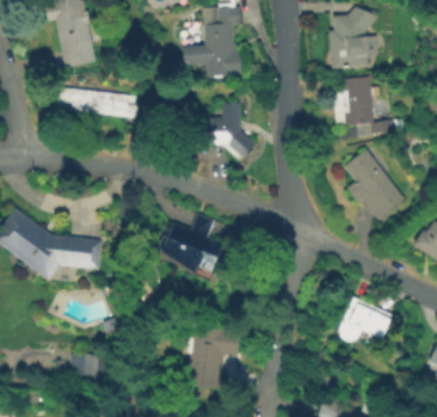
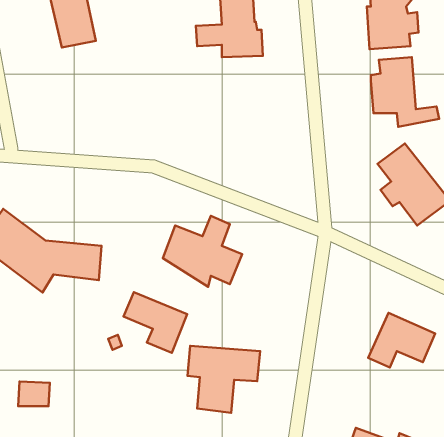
building: [57,86,139,117] -> none
building: [195,105,254,159] -> none
building: none -> [123,292,187,353]
building: [72,355,99,376] -> [18,382,50,406]

